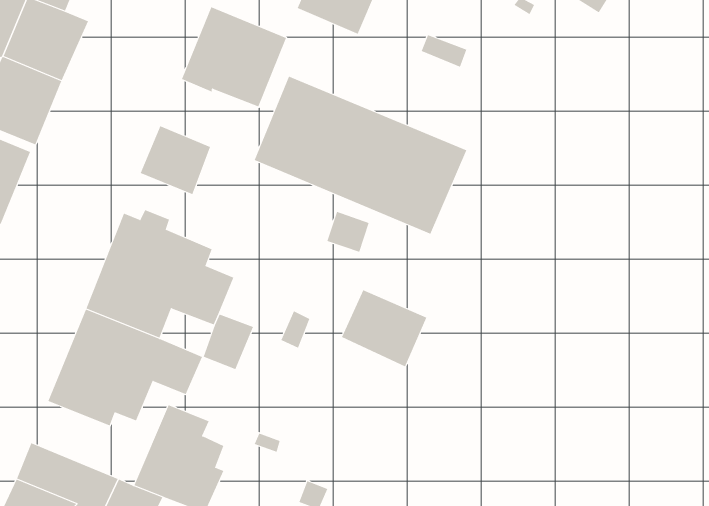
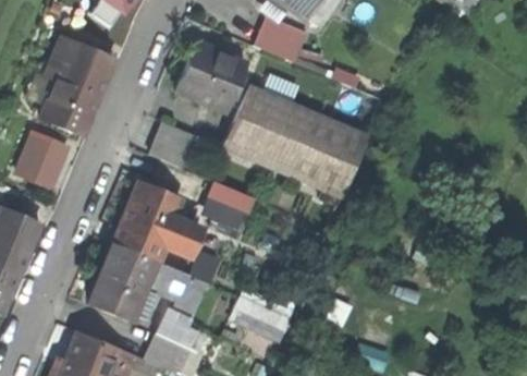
building: none -> [203,178,257,228]
building: [341,289,427,367] -> [233,284,290,336]

